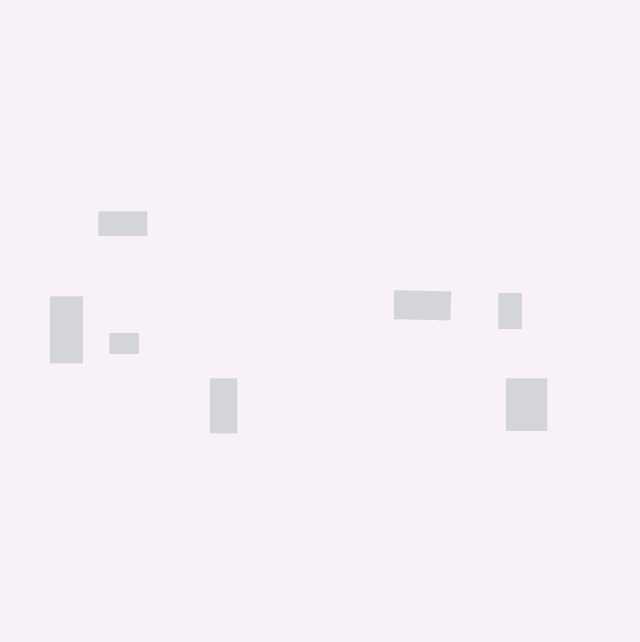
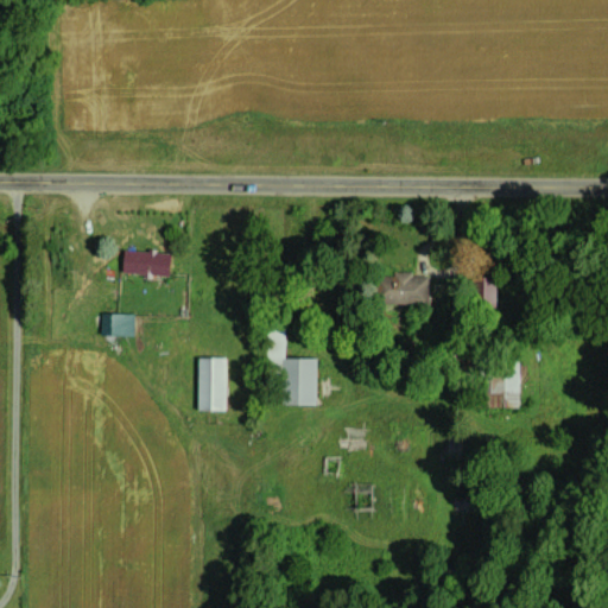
building: [98,210,148,237] -> [125,251,172,276]
building: [49,296,84,364] -> none
building: none -> [284,357,317,405]

